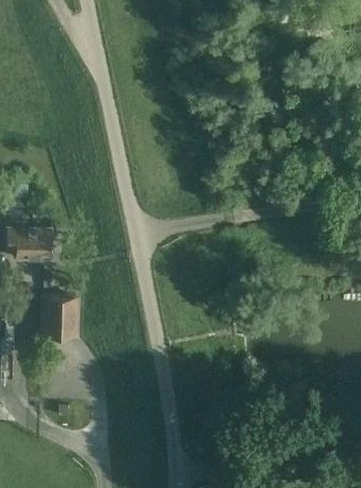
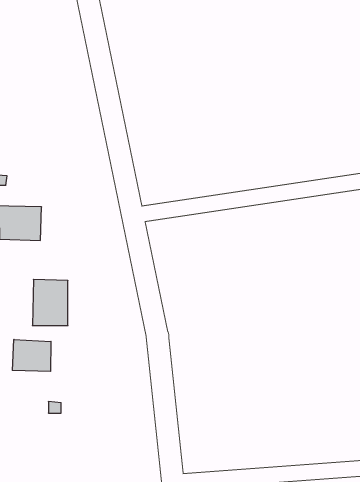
building: none -> [12,339,51,371]

